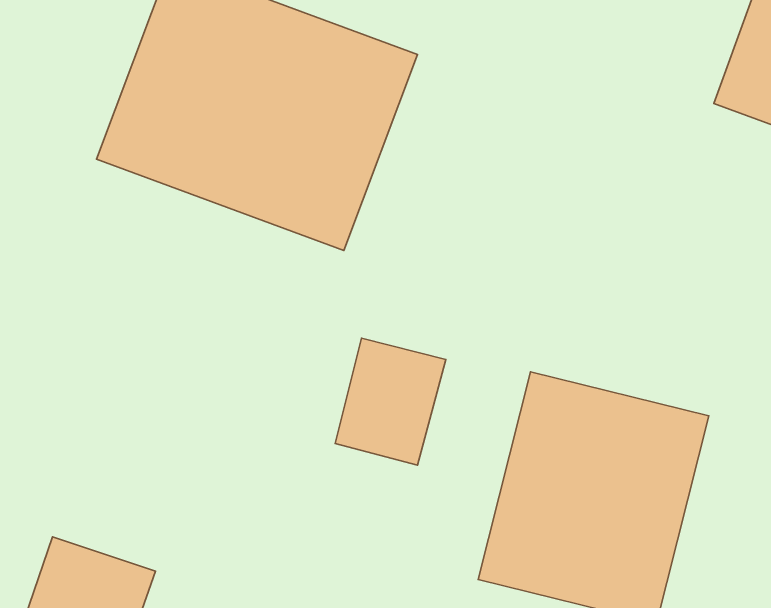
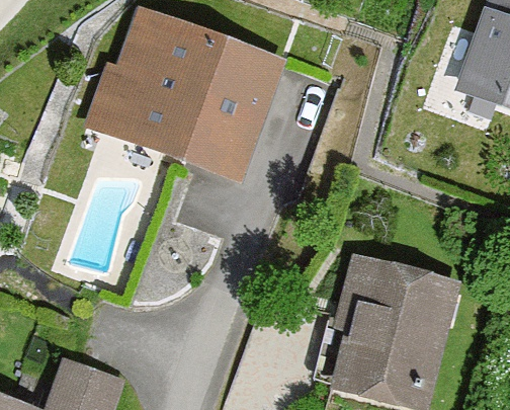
building: [335,338,446,465] -> none

